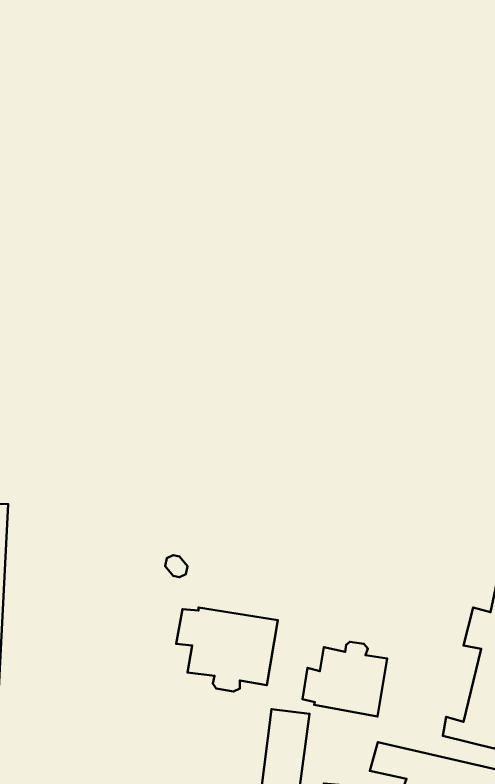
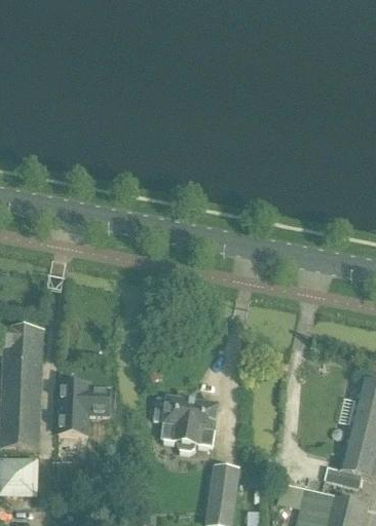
building: none -> [59,378,110,428]
building: [303,642,387,716] -> none

